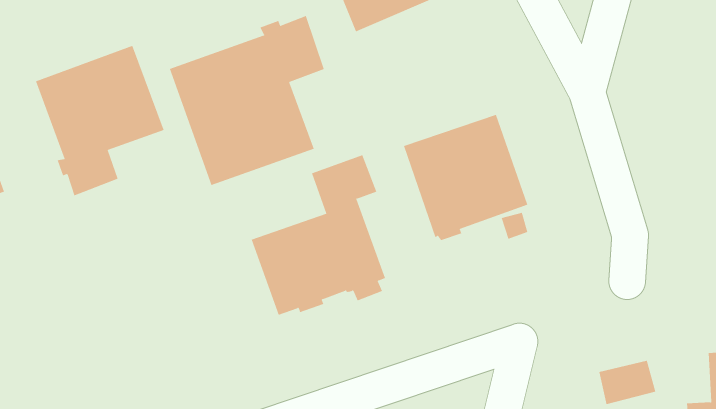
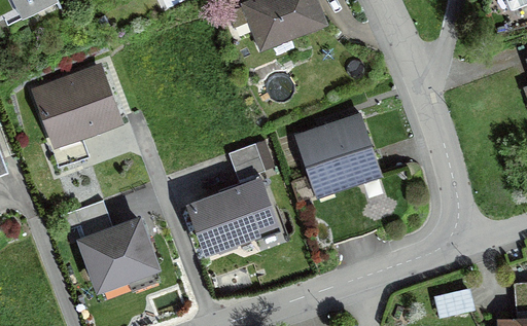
building: [169,15,325,186] -> none
building: none -> [60,201,161,293]

